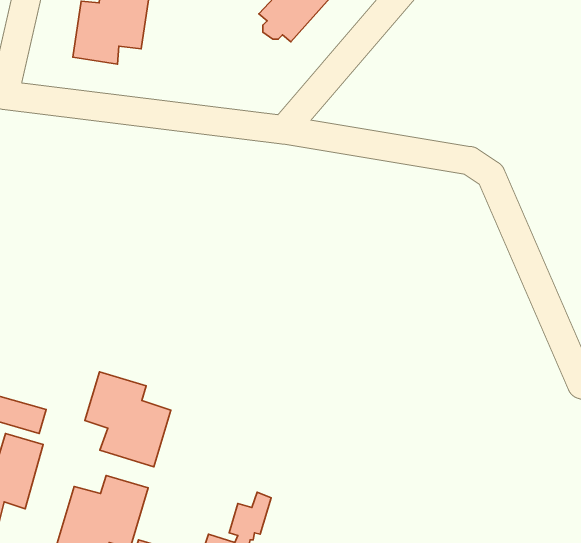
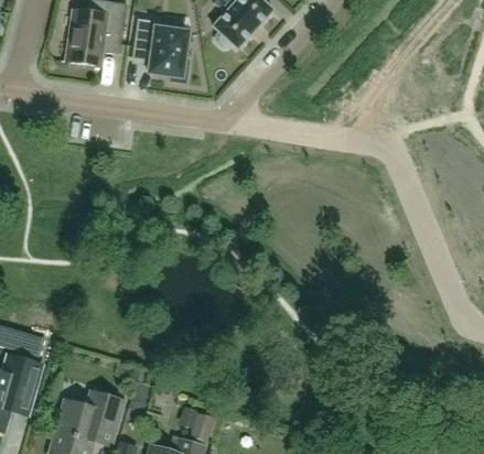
building: none -> [132,24,189,83]
building: [85,372,171,467] -> none

